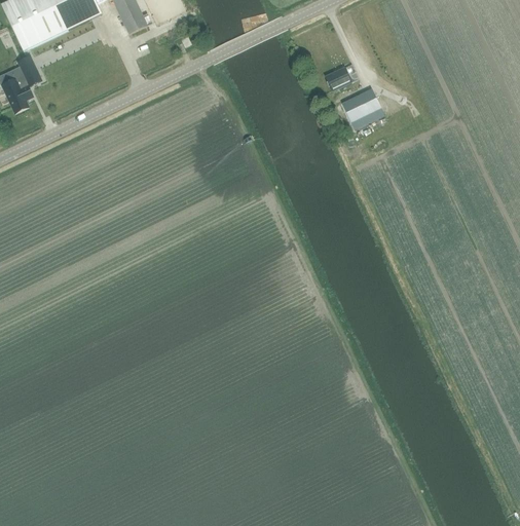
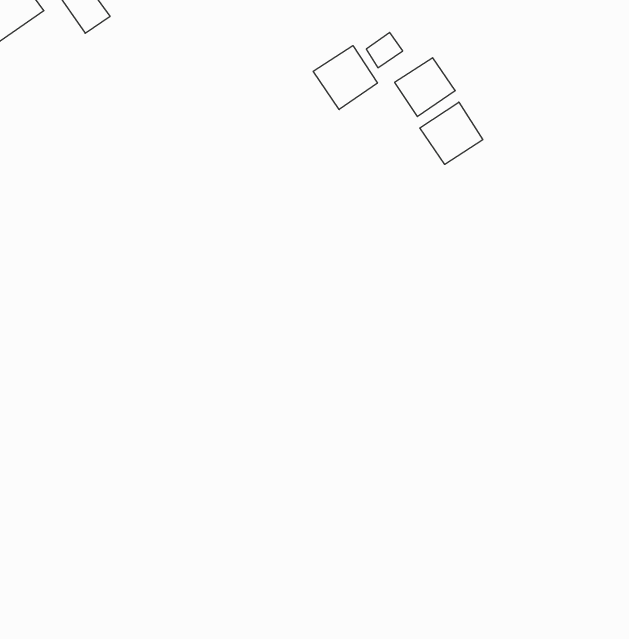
building: none -> [313,46,377,110]
building: none -> [420,102,483,164]

